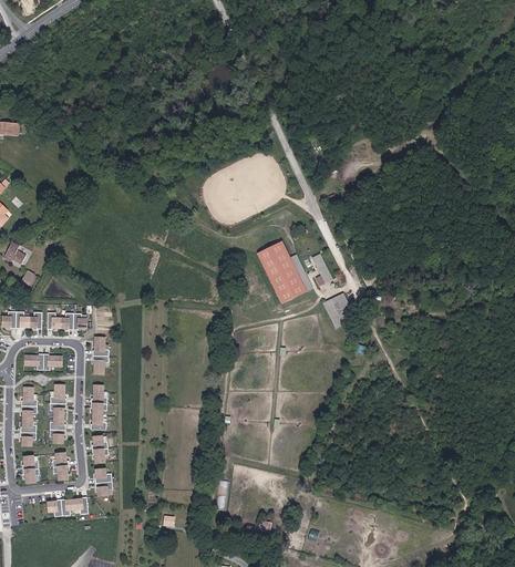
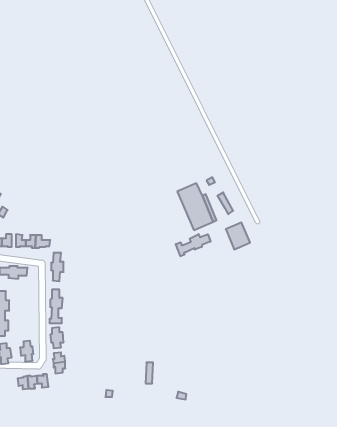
building: none -> [176,234,211,256]
building: [49,384,65,442] -> none

